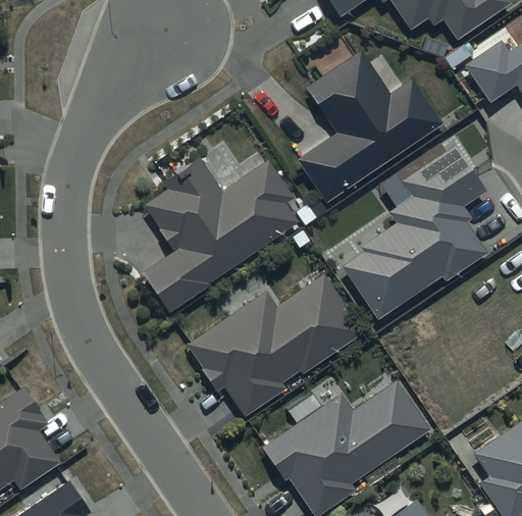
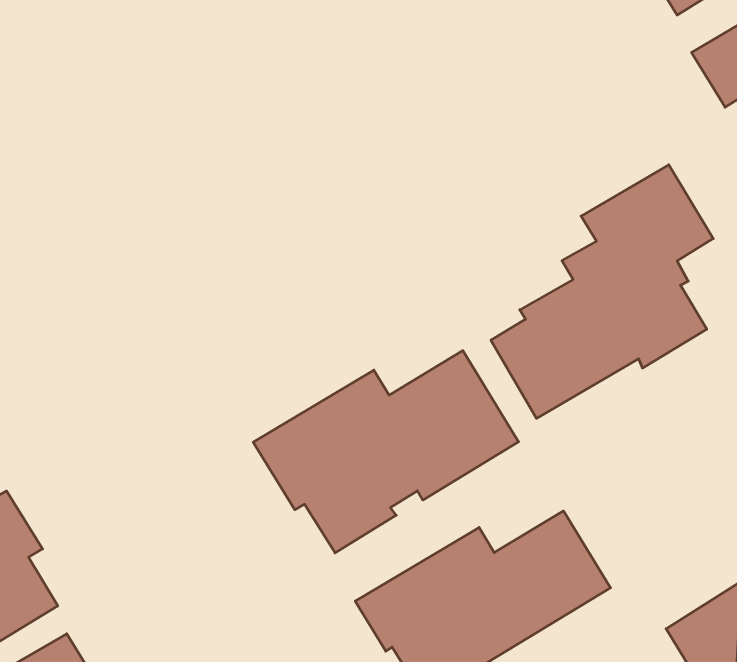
building: [299,51,442,201] -> none
building: [143,158,301,313] -> none

